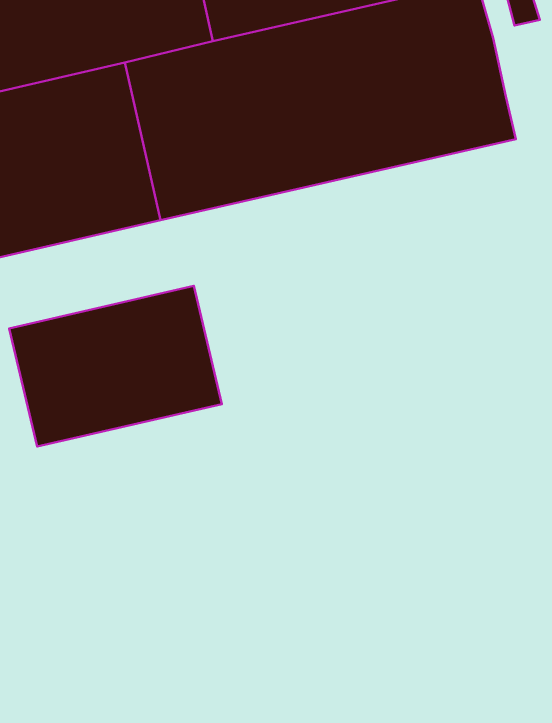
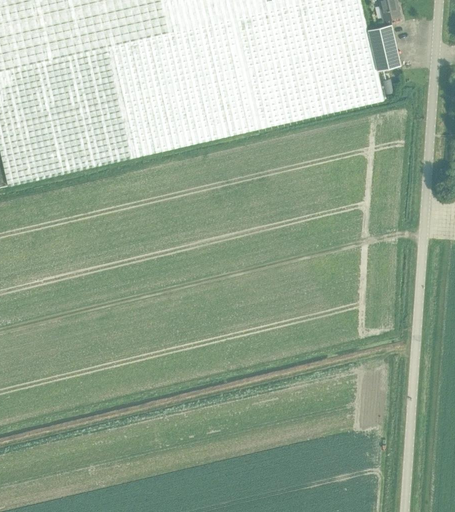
building: none -> [367,24,400,70]
building: [9,286,222,447] -> none

